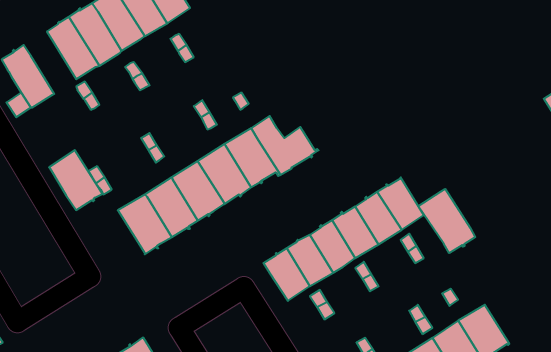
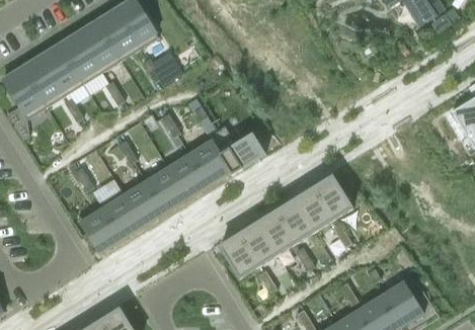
building: none -> [20,56,64,107]
building: [49,150,102,210] -> [77,203,121,253]
building: [418,189,475,253] -> none

